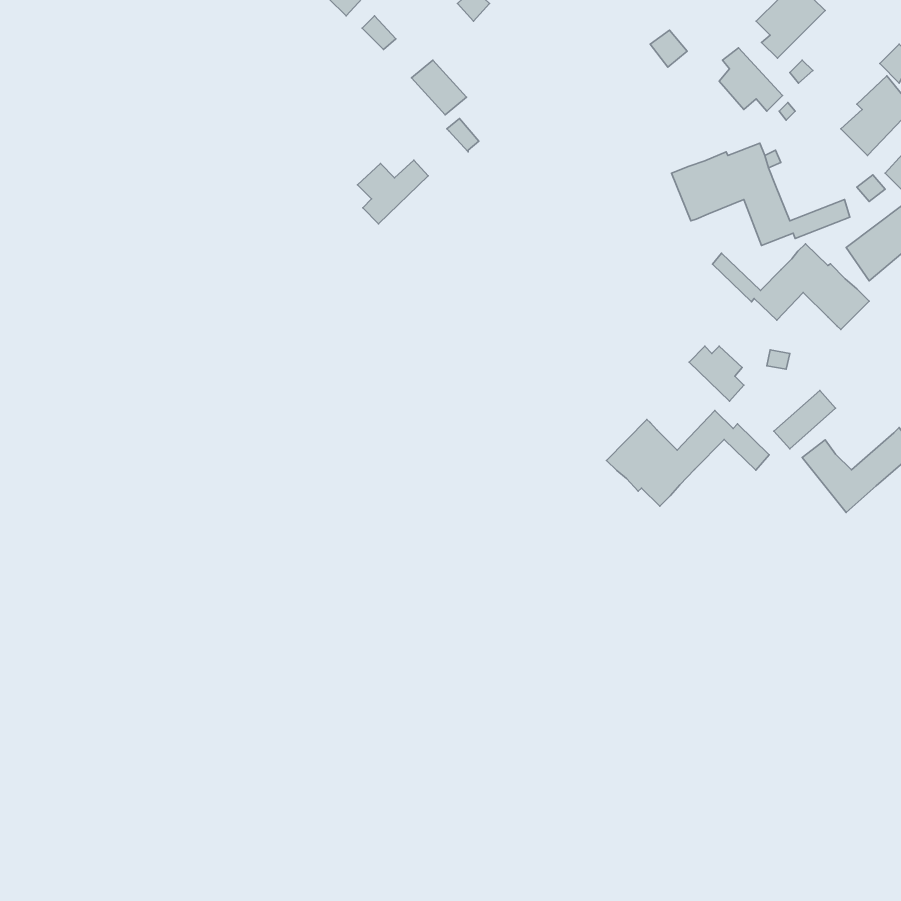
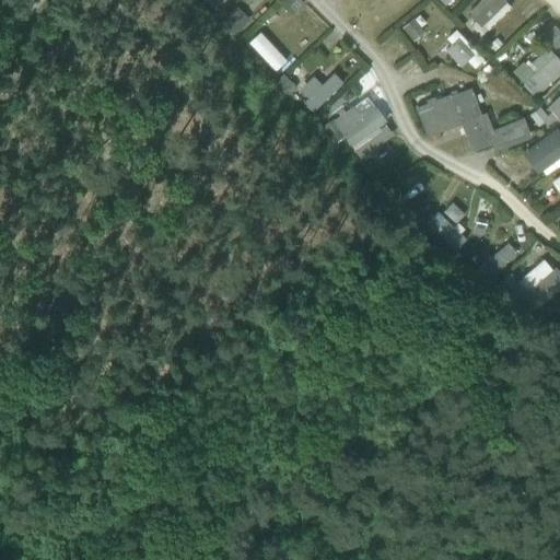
building: none -> [324,96,388,159]
building: [357,160,428,224] -> [301,72,345,112]
building: [713,244,869,329] -> none
building: [607,411,769,506] -> none

